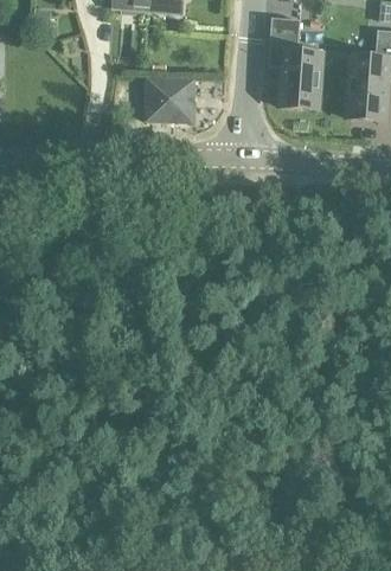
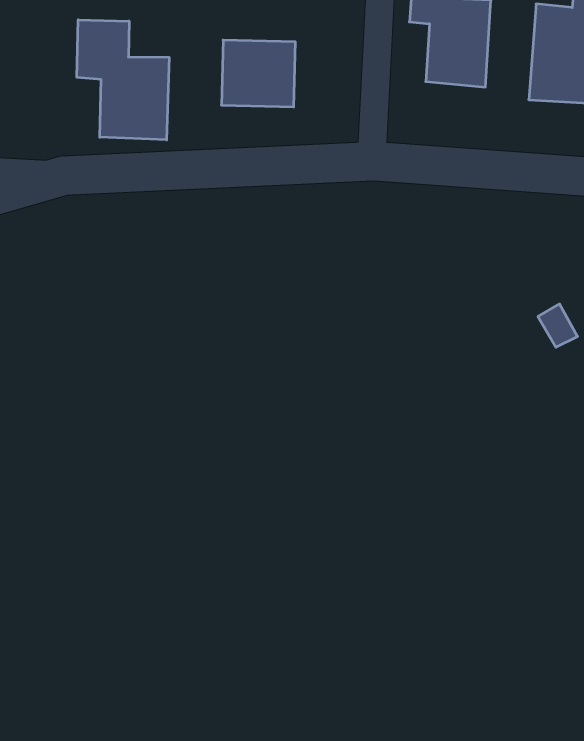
building: none -> [77,20,169,140]

